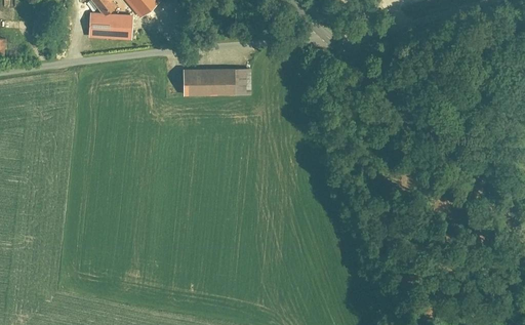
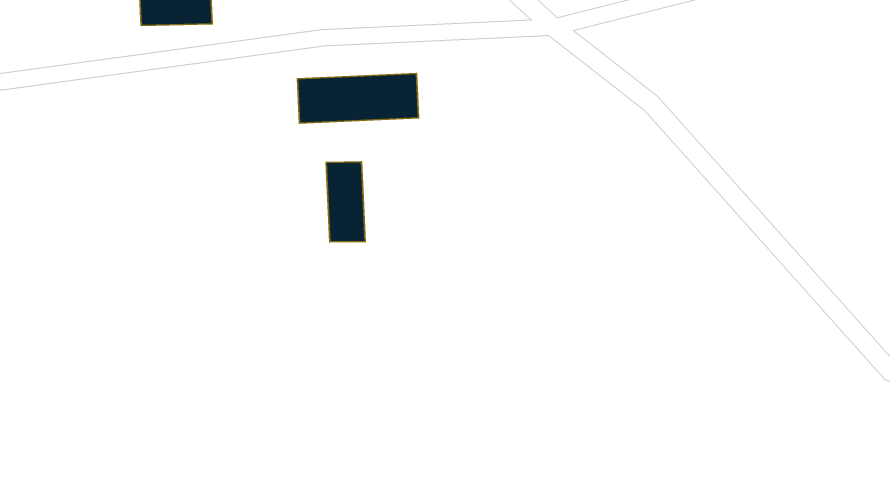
building: none -> [326,162,365,242]

